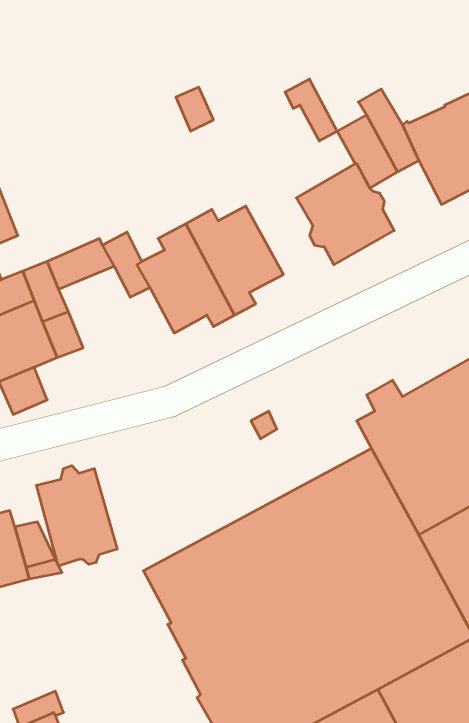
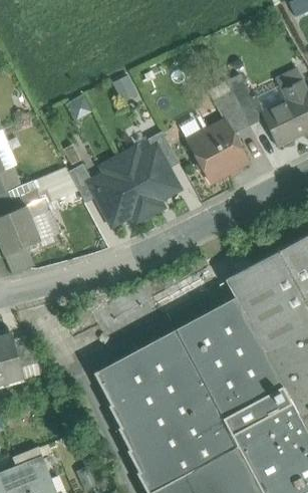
building: [285,79,337,141] -> [147,132,180,170]
building: [36,466,117,566] -> none

